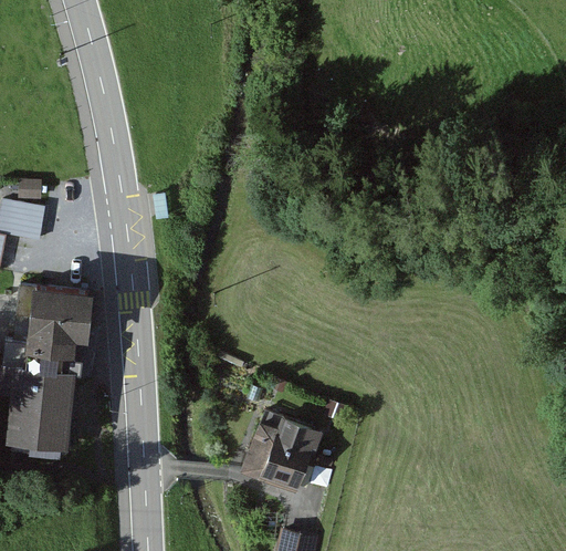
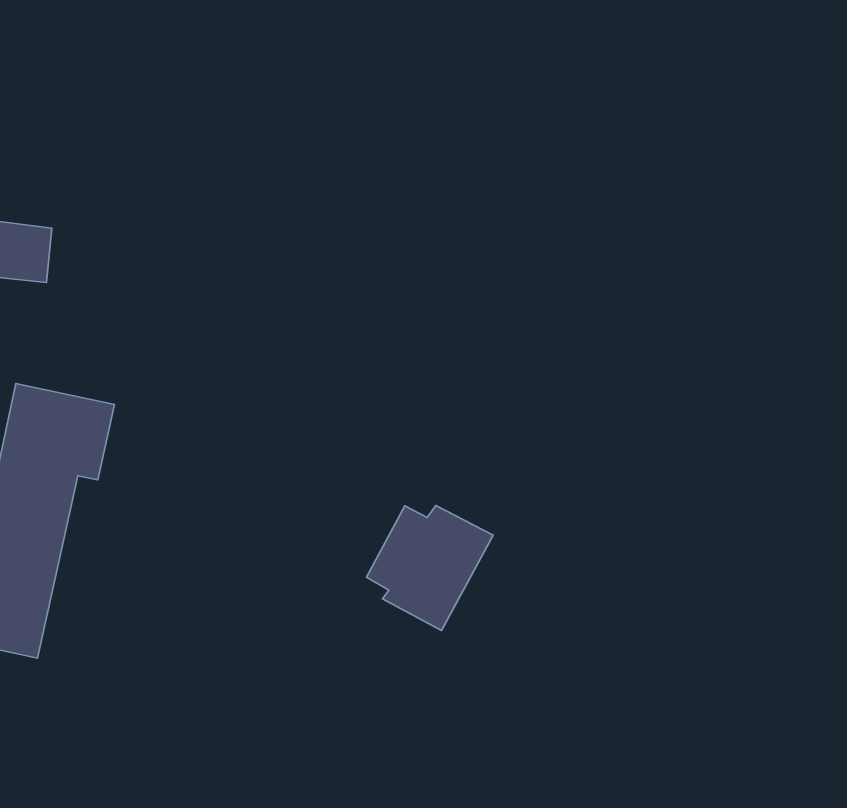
building: [243,423,317,498] -> [366,505,493,630]

